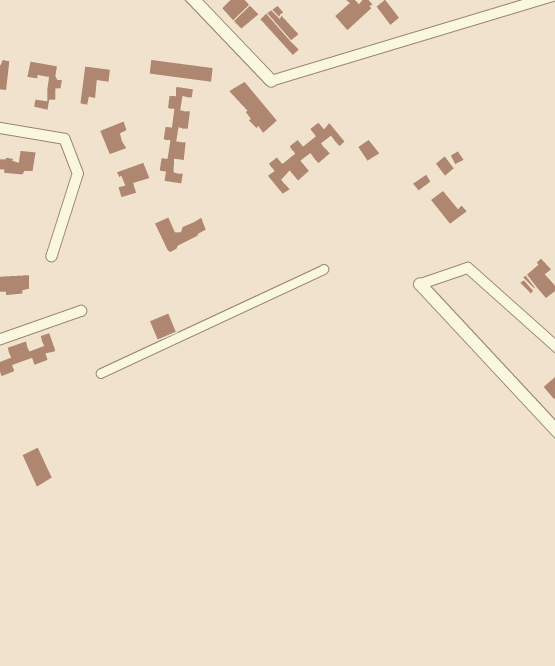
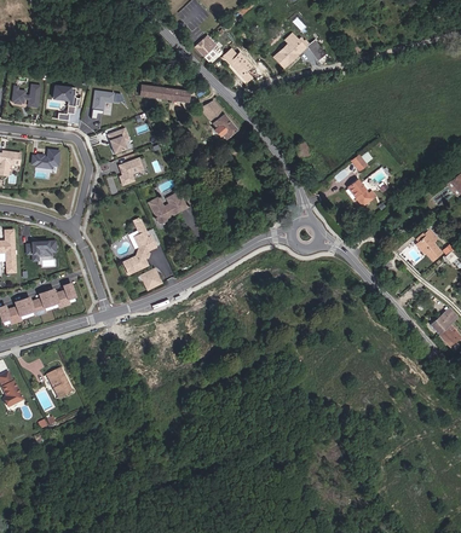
building: [159,86,194,184] -> none
building: [267,122,345,195] -> none
building: none -> [123,221,157,273]

